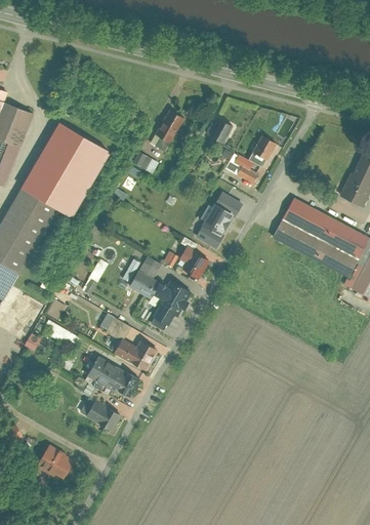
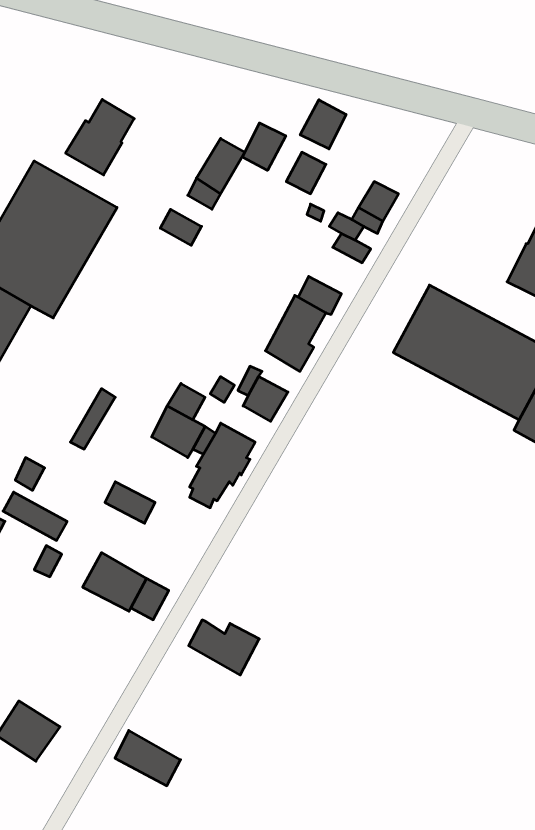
building: none -> [66,99,134,175]
building: none -> [300,100,346,149]
building: none -> [242,123,286,170]
building: [114,338,156,371] -> [189,620,259,675]
building: [81,398,120,431] -> [115,730,181,786]

